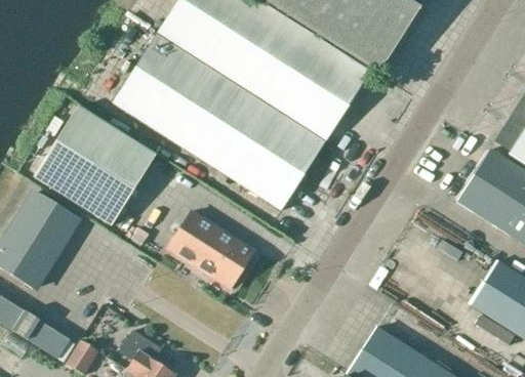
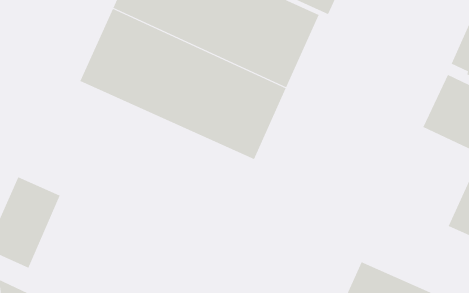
building: [35,106,157,227] -> none
building: [166,212,253,289] -> none

